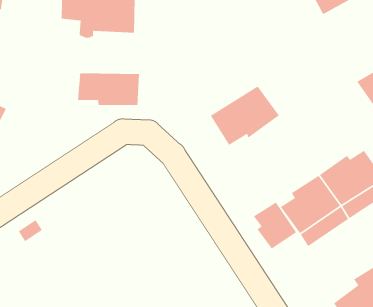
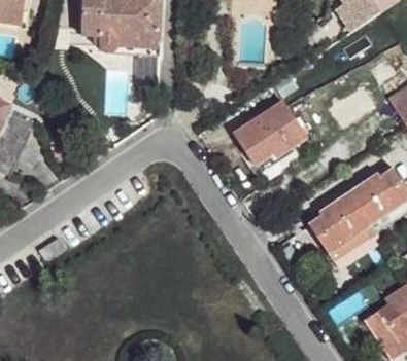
building: [77,72,140,106] -> none
building: [253,201,297,250] -> none

